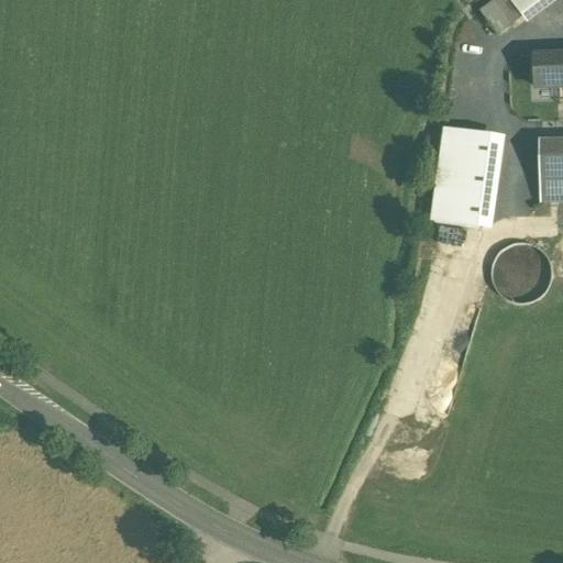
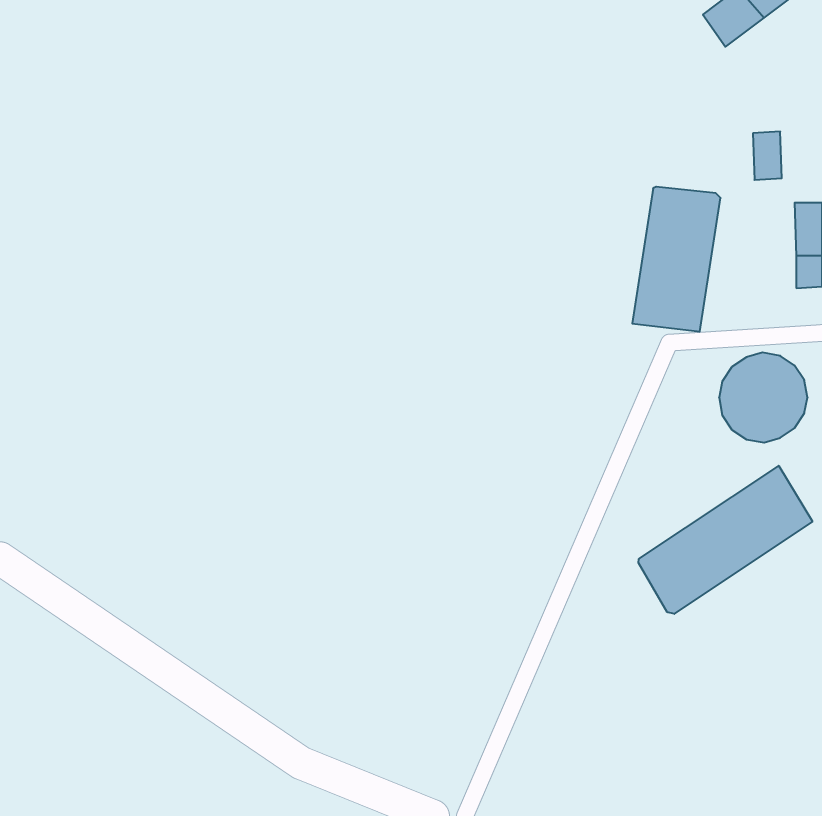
building: [537,52,556,85] -> [753,132,782,180]
building: none -> [638,466,812,614]

